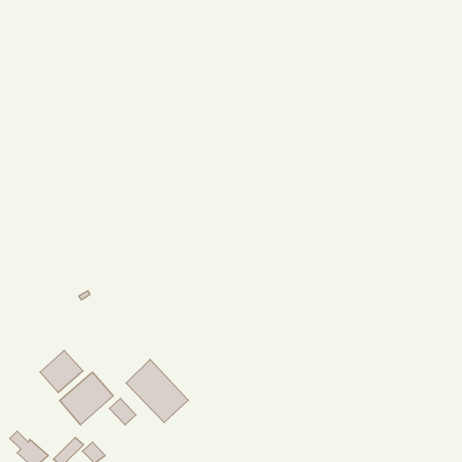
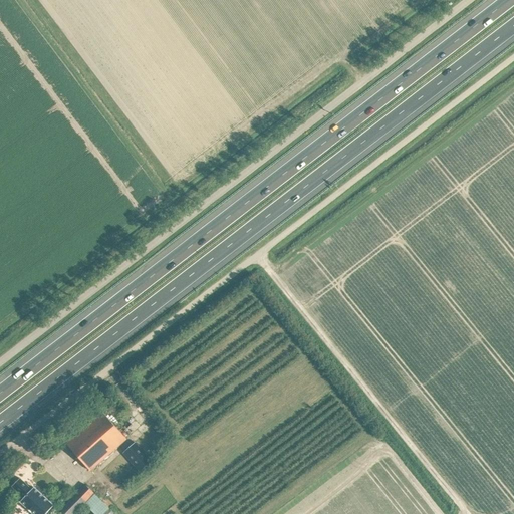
building: [40,350,83,392] -> none
building: [126,360,188,423] -> none

